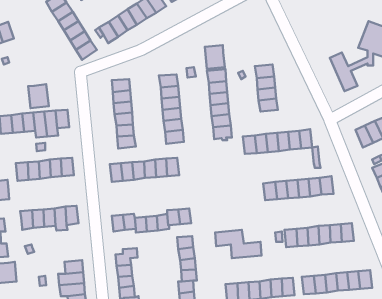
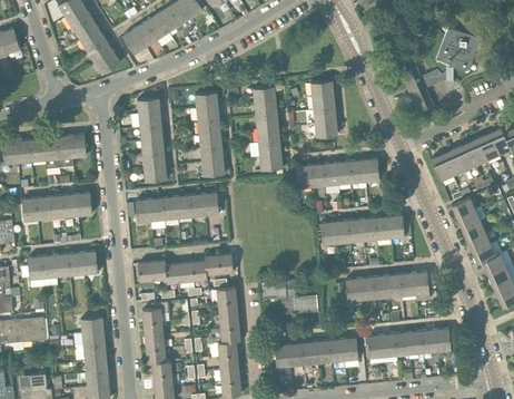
building: [205,45,225,69] -> none
building: [28,84,49,108] -> none
building: none -> [21,317,46,342]

